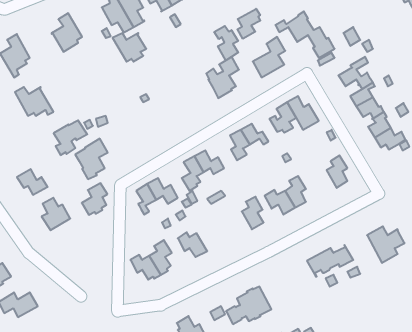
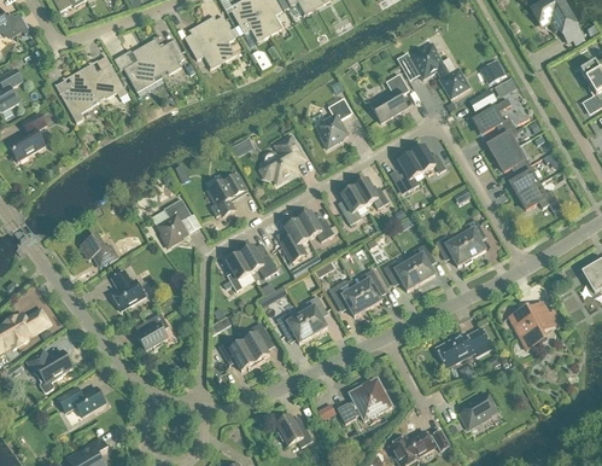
building: [237,9,260,39] -> none
building: [214,26,238,60] -> none
building: [113,33,146,62] -> [142,37,183,72]
building: [15,87,53,116] -> [80,63,127,98]
building: none -> [259,135,300,182]
building: [54,120,87,155] -> [206,174,247,216]
building: none -> [434,234,471,266]
building: [82,183,107,215] -> [136,311,168,350]
building: none -> [327,278,367,315]
building: none -> [299,295,326,334]
building: none -> [458,392,495,427]

